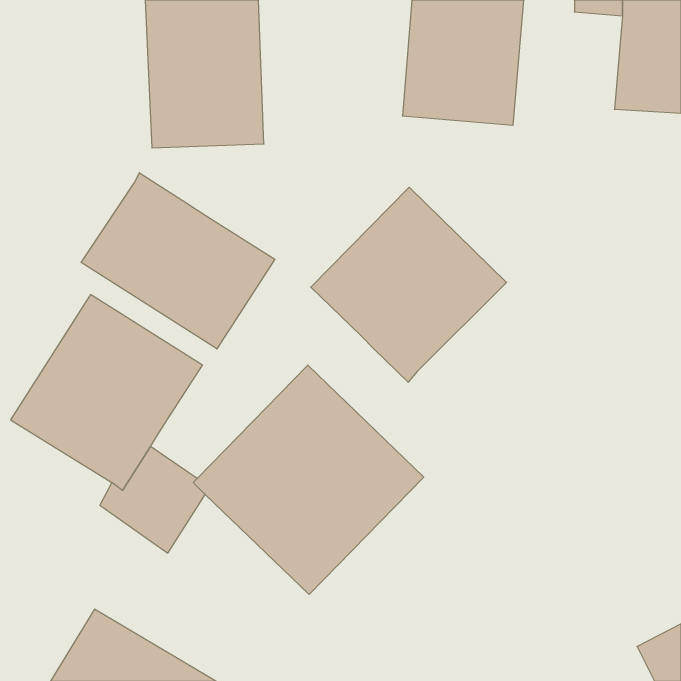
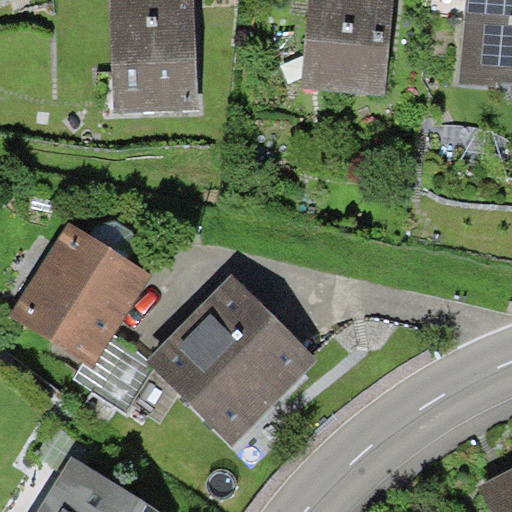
building: [81,173,275,349] -> none
building: [311,187,507,382] -> none

